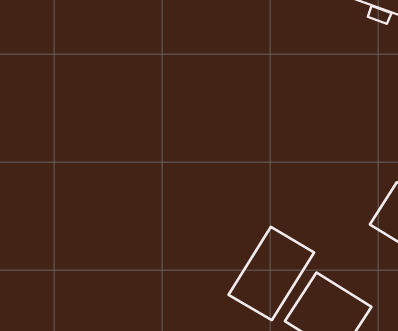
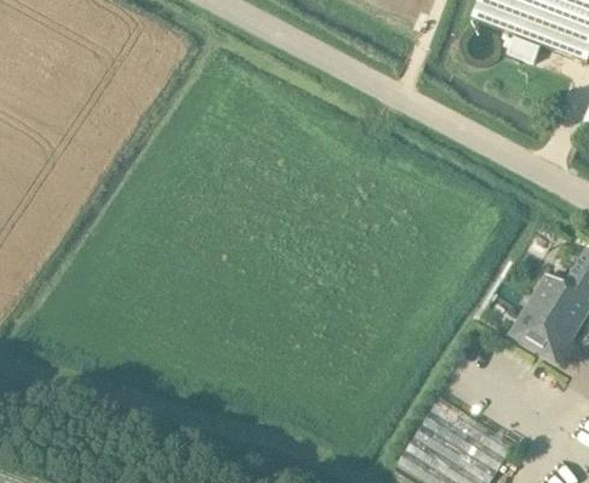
building: [229,227,314,320] -> none

